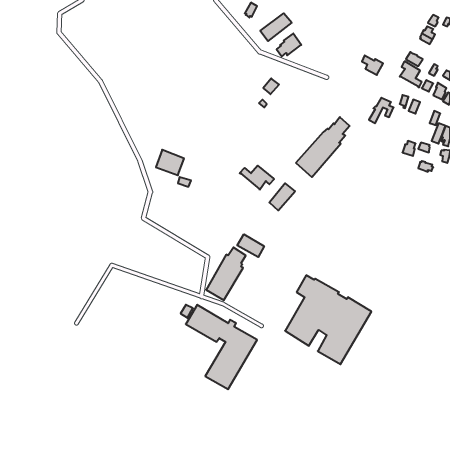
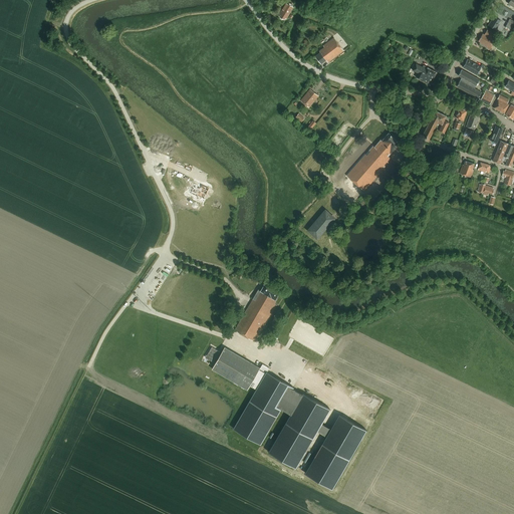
building: [260,13,292,41] -> none
building: [240,166,274,190] -> none
building: [237,234,264,257] -> none
building: [285,275,371,364] -> [269,388,367,489]

